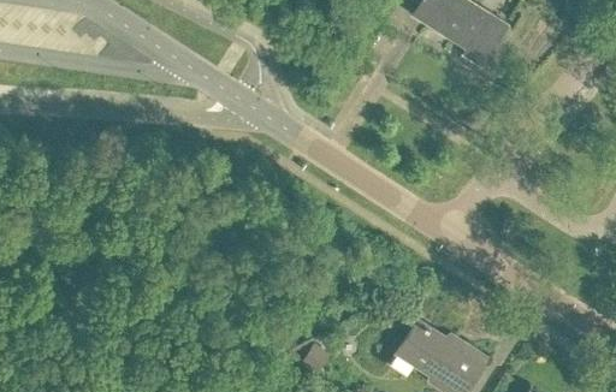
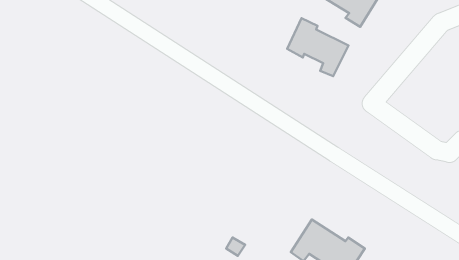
building: none -> [287,18,348,76]

